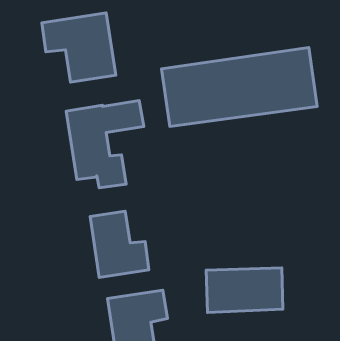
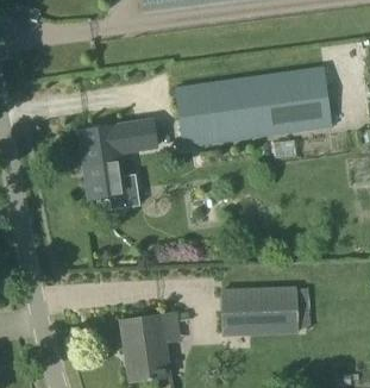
building: [42,13,116,82] -> none
building: [90,211,149,277] -> none

